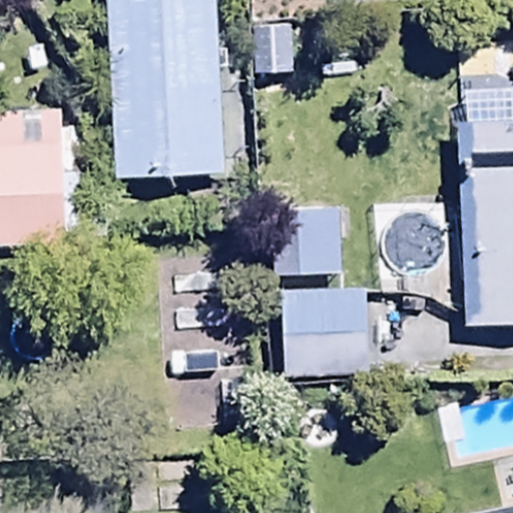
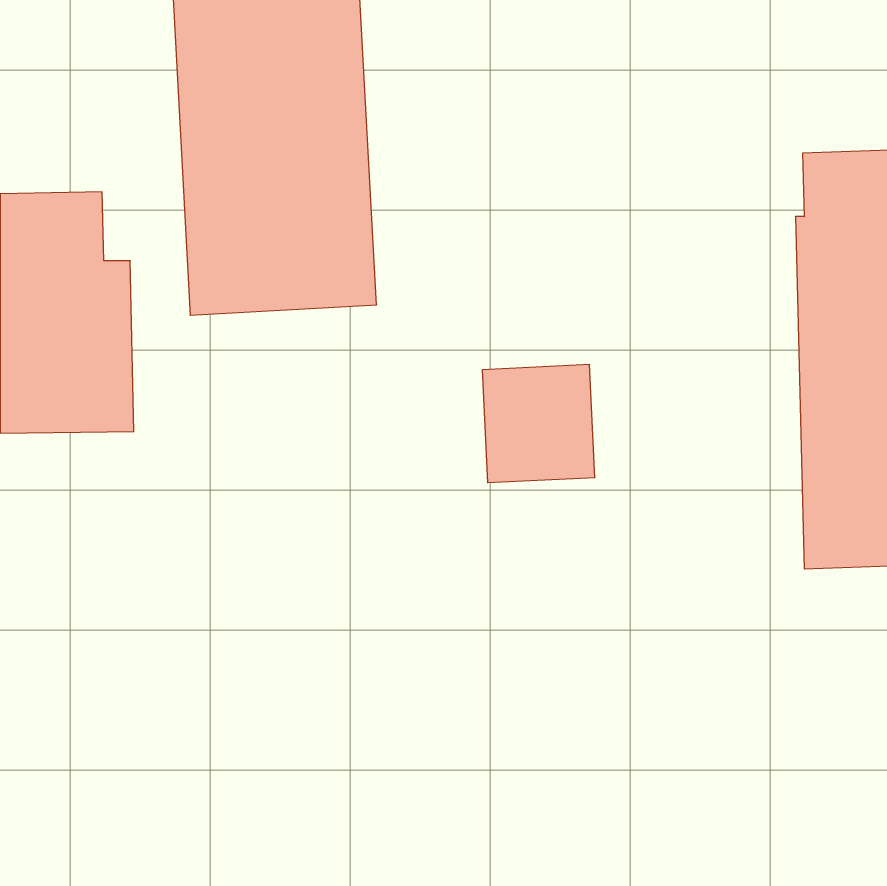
building: [282,288,367,367] -> none

